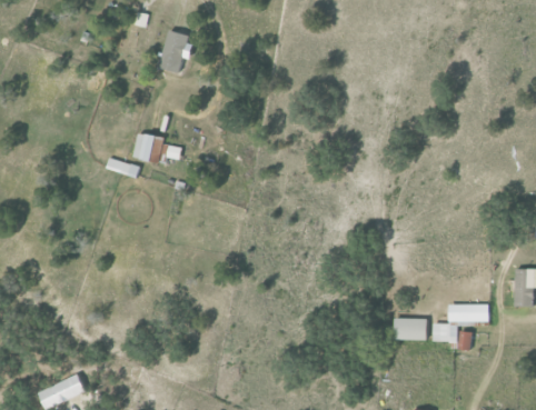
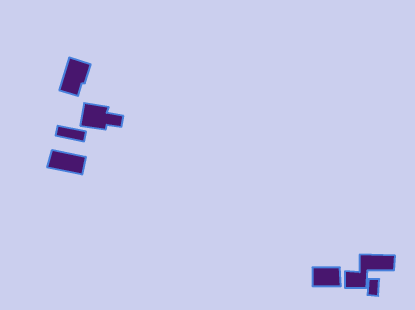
building: [158,30,193,73] -> [59,58,91,96]
building: none -> [47,150,86,175]

